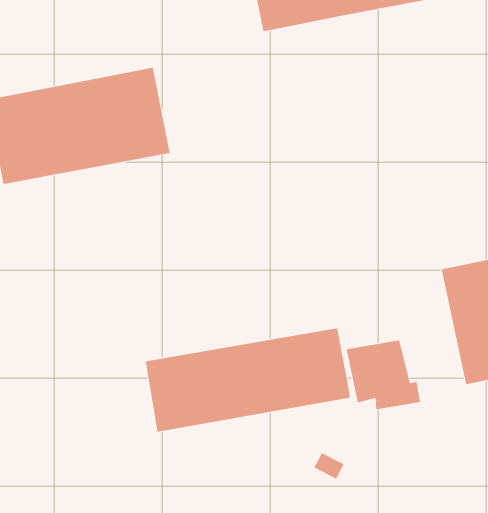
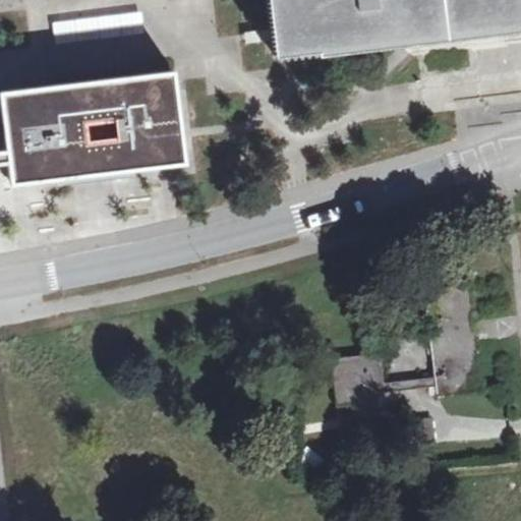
building: [145,327,350,433] -> none

